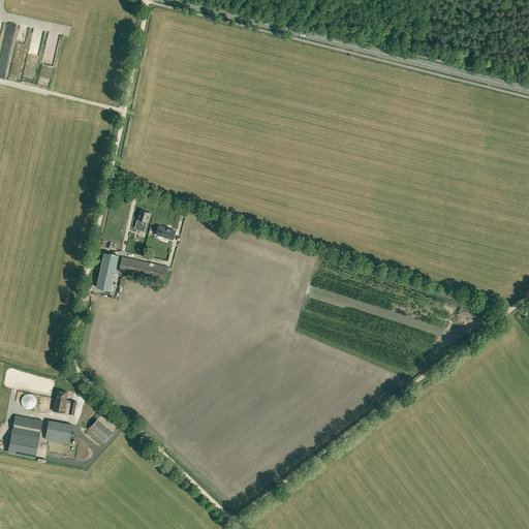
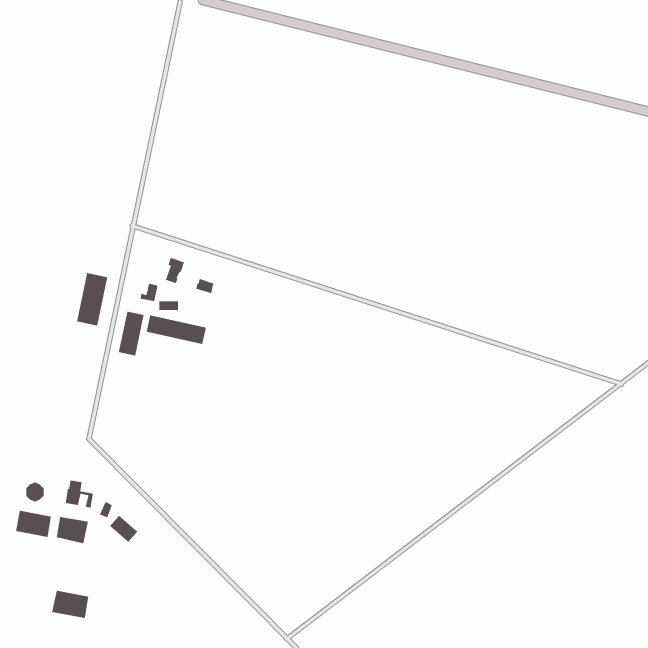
building: none -> [76,272,108,326]
building: [8,433,39,457] -> [51,590,89,619]

